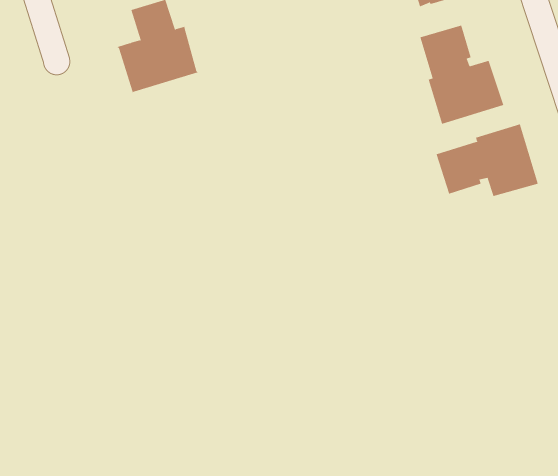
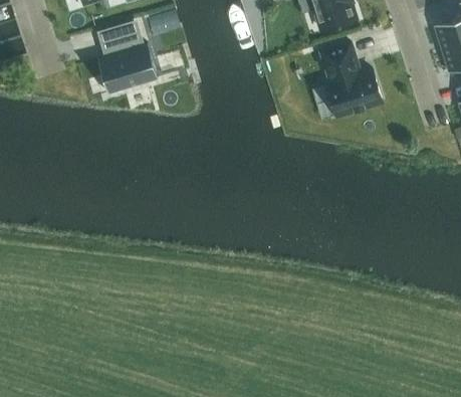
building: [436,124,539,197] -> none

